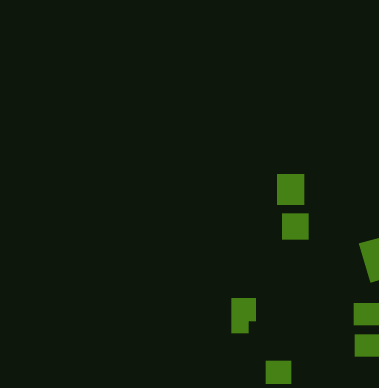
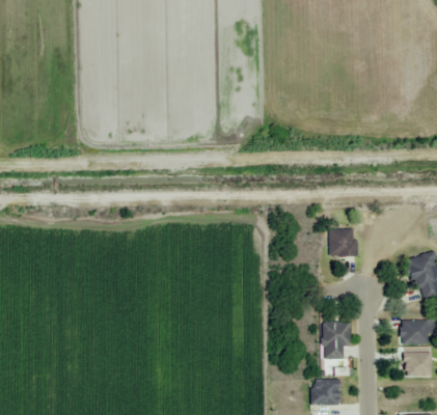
building: [276,173,305,206] -> none
building: [230,298,257,334] -> [323,322,350,359]

